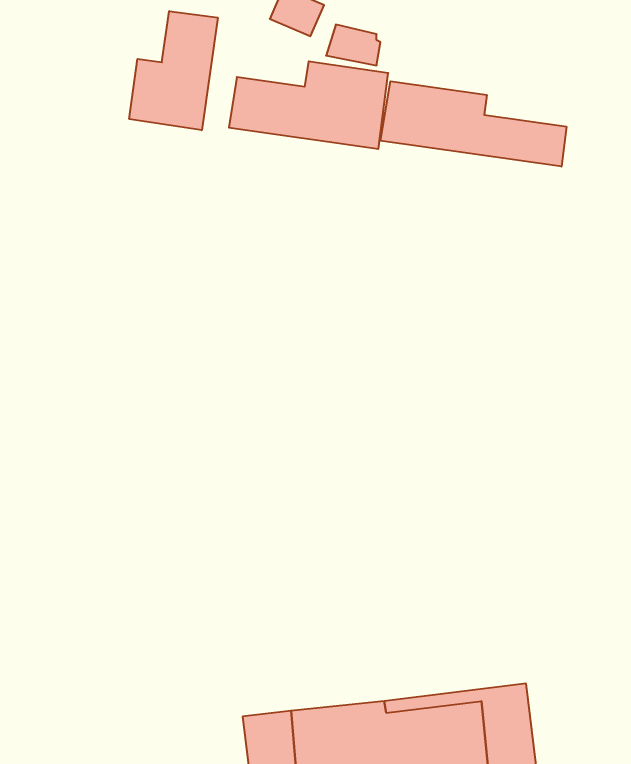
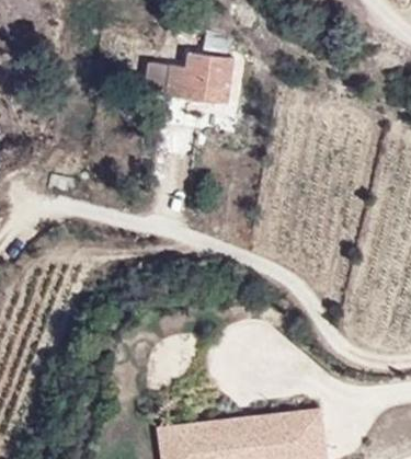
building: [129,11,218,130] -> none
building: [381,81,566,167] -> none

